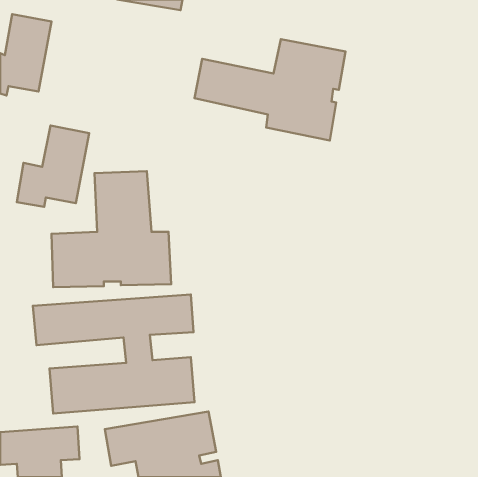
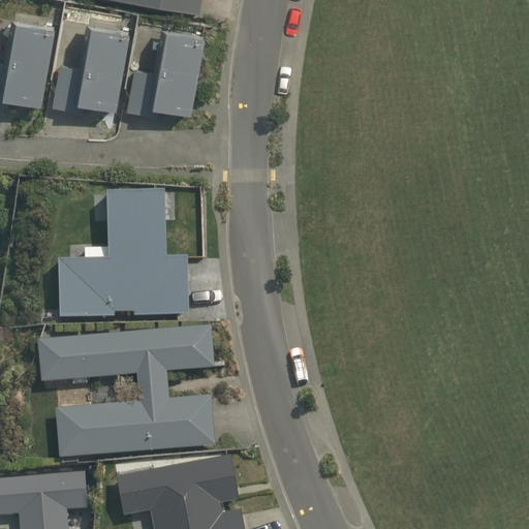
building: none -> [126,25,206,115]
building: [194,39,345,141] -> none
building: [17,126,89,207] -> [52,20,131,110]

